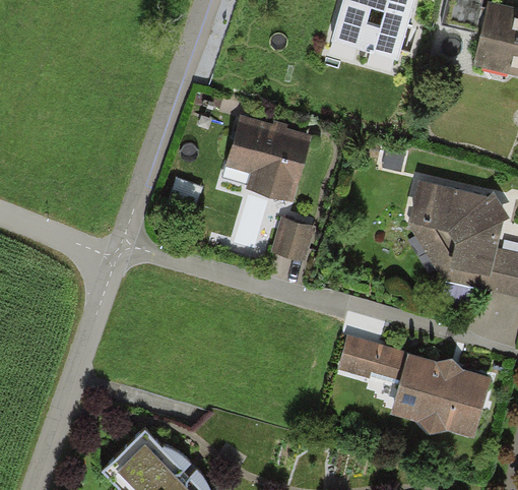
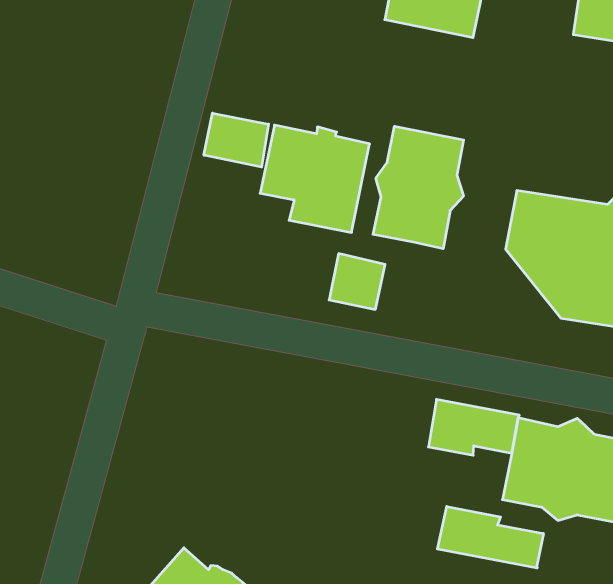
building: none -> [204,113,269,167]
building: none -> [373,126,464,249]
building: none -> [437,506,543,568]

